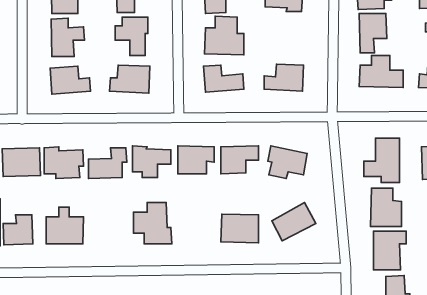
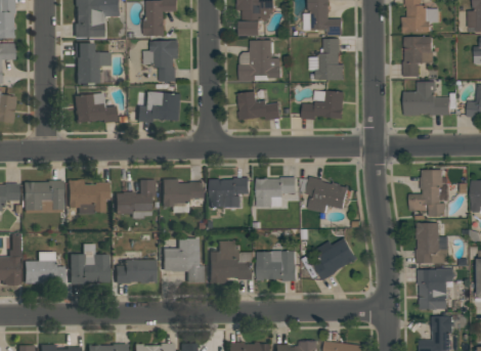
building: none -> [310,39,344,80]
building: none -> [210,240,252,280]
building: none -> [117,259,157,282]

